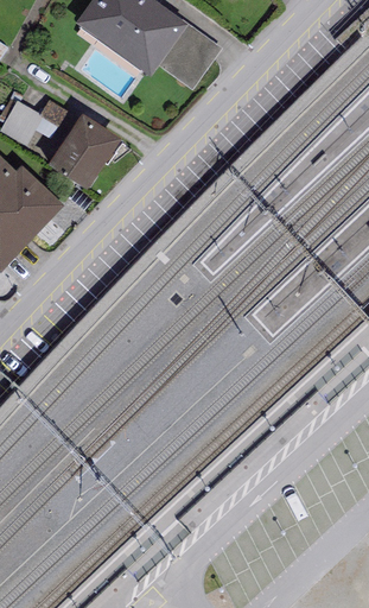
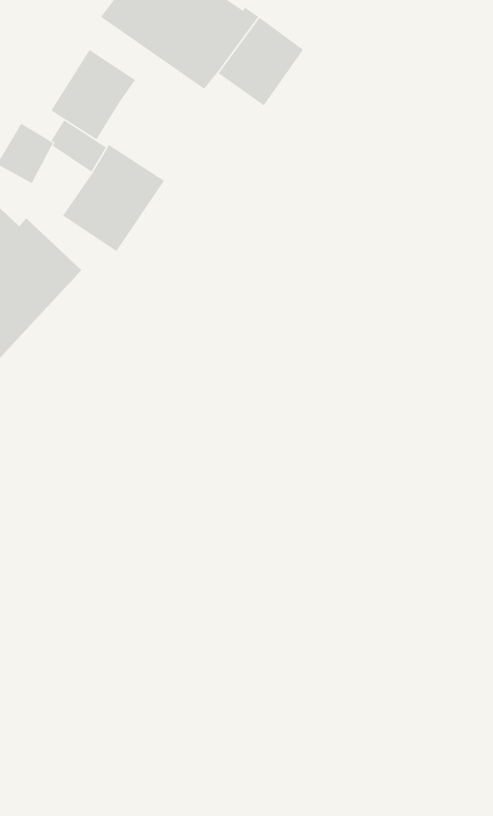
building: none -> [51,49,136,140]

